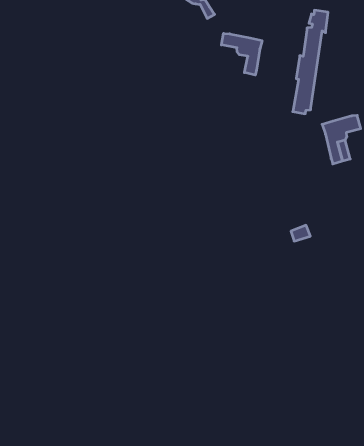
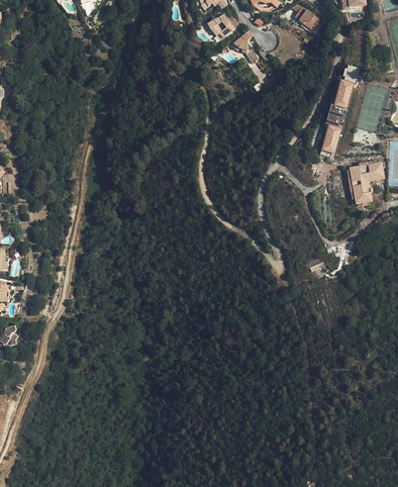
building: [221,33,262,75] -> none

